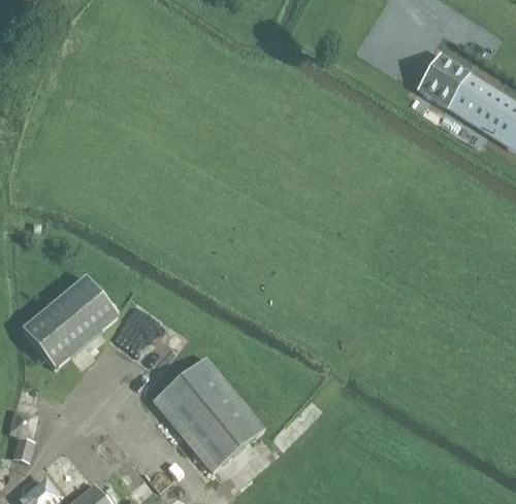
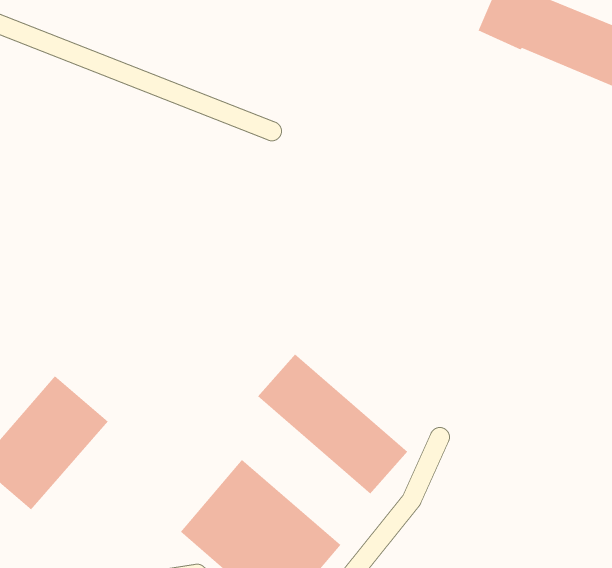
building: none -> [257,354,408,494]

